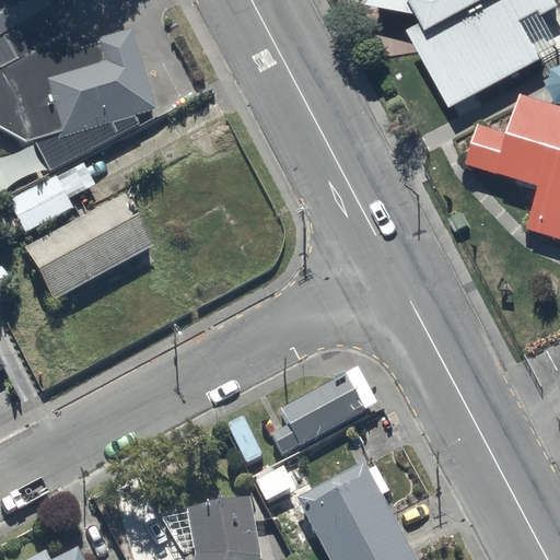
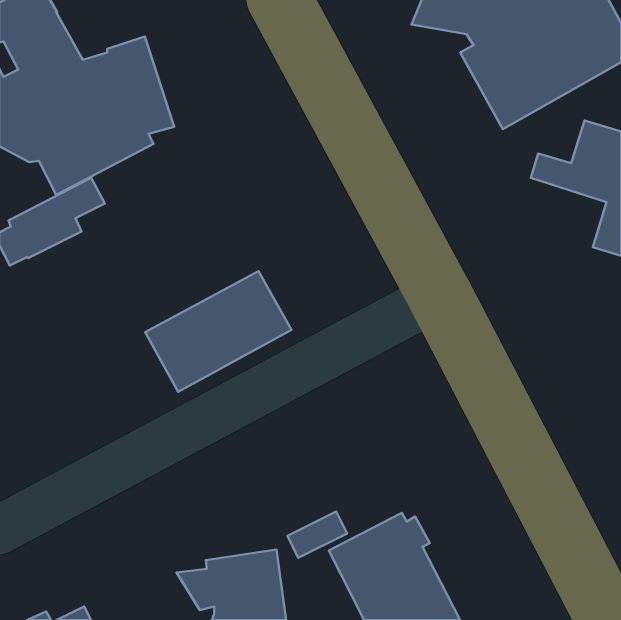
building: [24,190,155,299] -> [145,271,291,392]
building: [275,373,374,457] -> none

